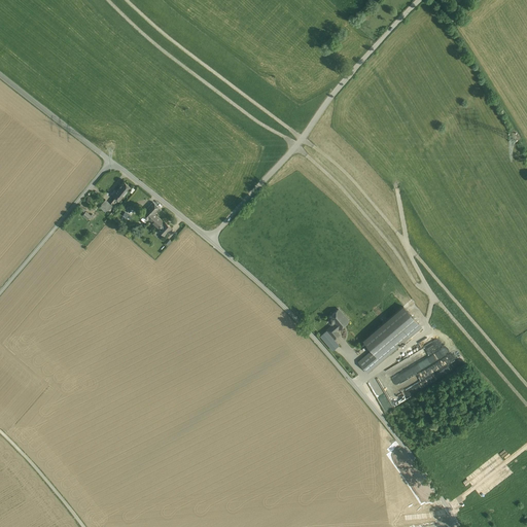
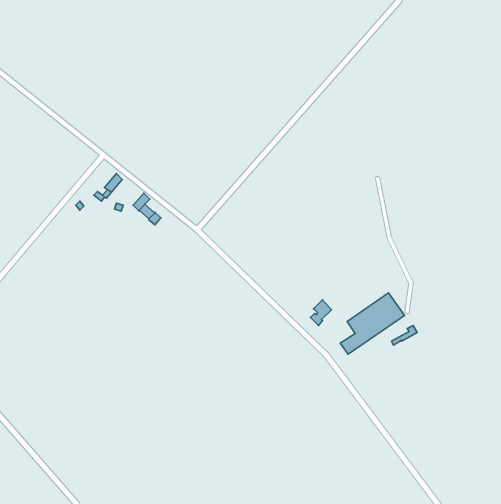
building: [387,353,443,387] -> none

